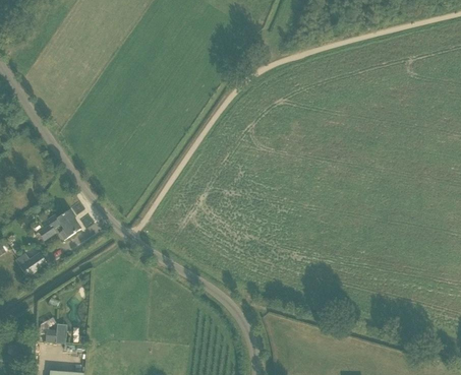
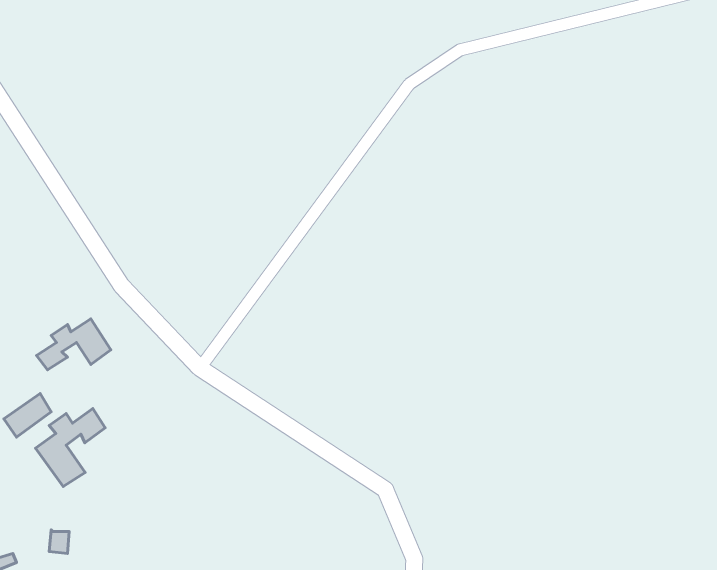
building: none -> [36,408,105,487]

